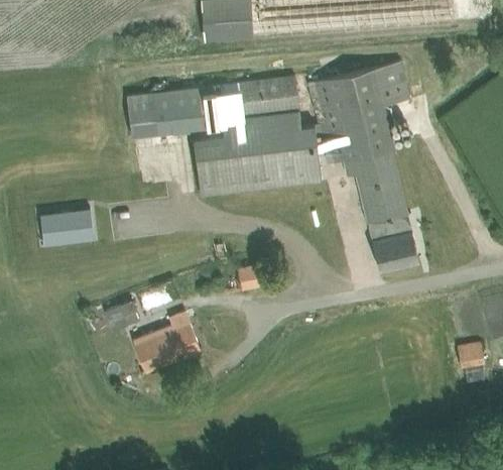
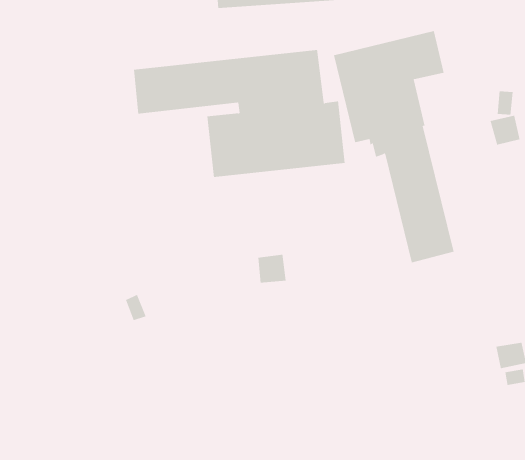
building: none -> [490,115,520,145]
building: [43,210,93,246] -> none
building: [132,312,200,372] -> none

